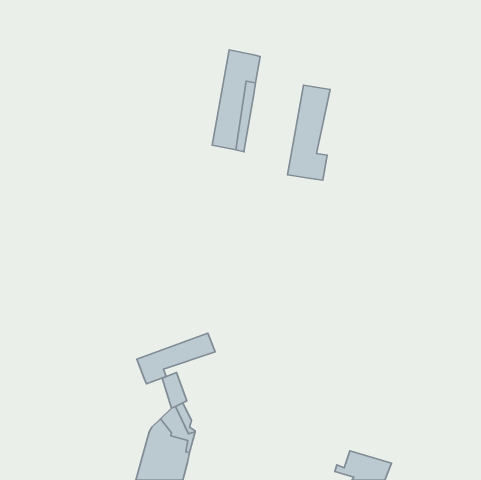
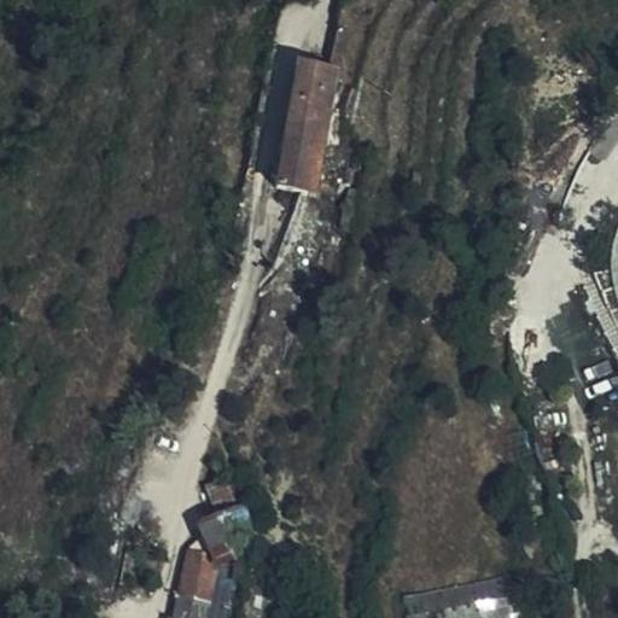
building: [287,85,330,180] -> none
building: [137,333,215,384] -> none

